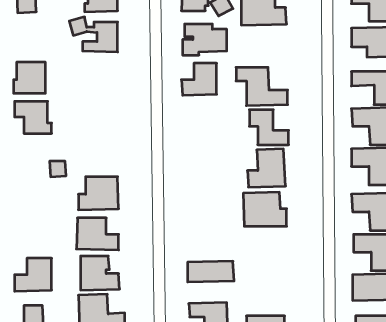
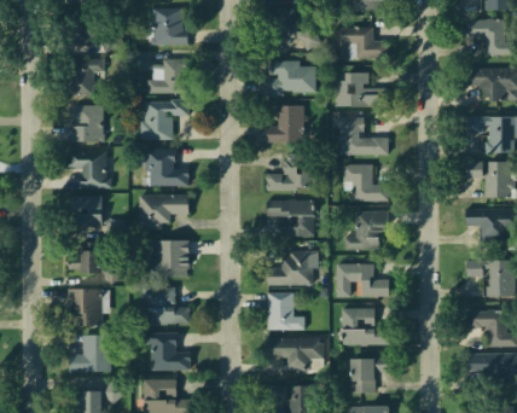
building: none -> [68,53,105,95]
building: none -> [335,71,390,106]
building: none -> [141,98,191,140]
building: none -> [145,147,190,186]
building: none -> [266,153,316,191]
building: none -> [139,194,190,229]
building: none -> [64,196,104,227]
building: none -> [267,199,314,238]
building: none -> [68,242,100,273]
building: none -> [267,250,315,286]
building: none -> [68,289,111,326]
building: none -> [268,292,306,331]
building: none -> [337,307,379,347]
building: none -> [352,356,393,395]

